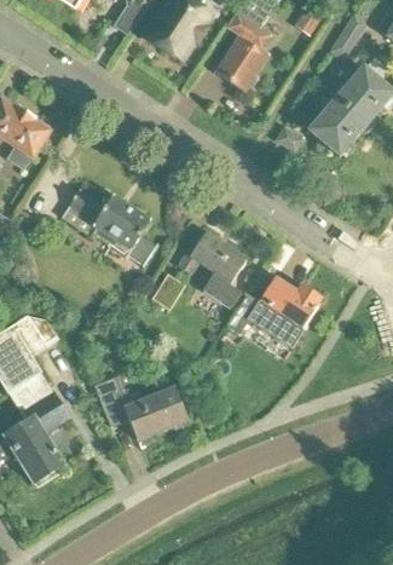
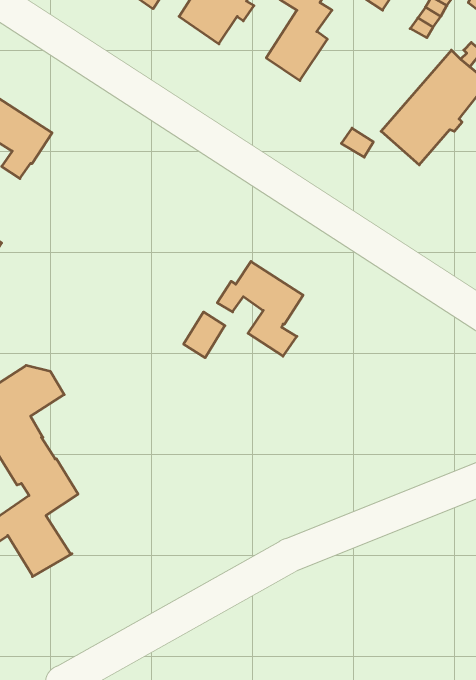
building: [60,189,156,264] -> none
building: [226,277,320,346] -> none
building: [93,375,187,439] -> none

